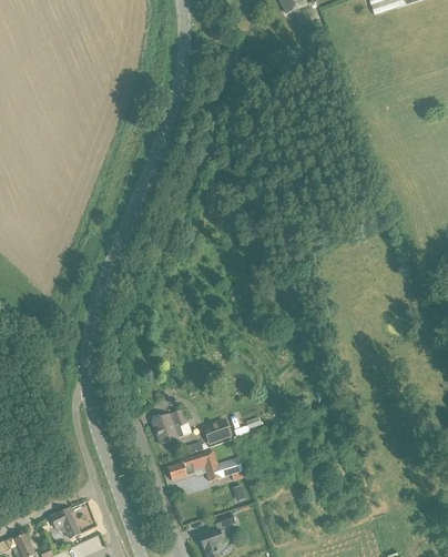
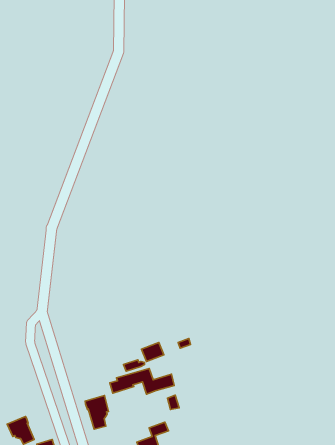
building: [152,411,191,443] -> none
building: none -> [85,396,109,429]

